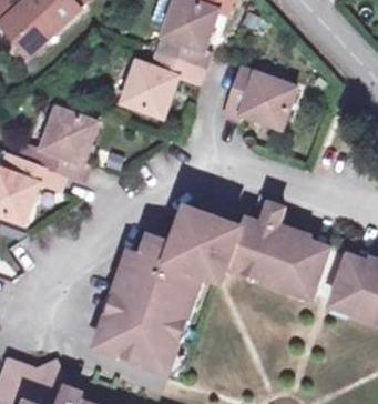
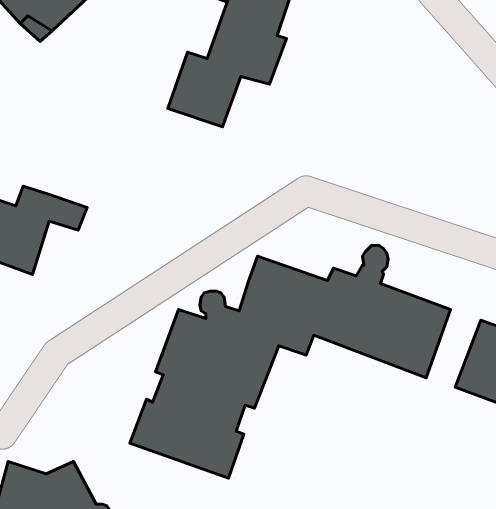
building: [223,67,296,127] -> none
building: [35,107,98,180] -> none

